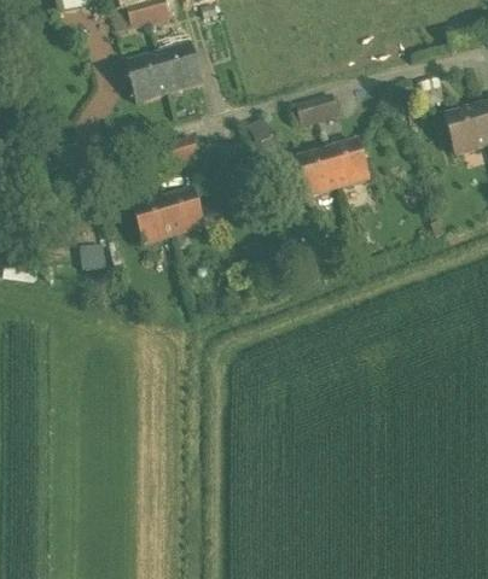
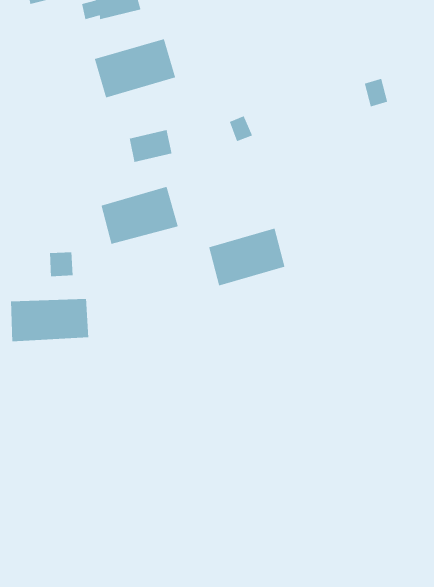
building: [294,93,337,124] -> none
building: [295,140,367,195] -> [208,228,285,287]
building: none -> [10,298,89,342]

